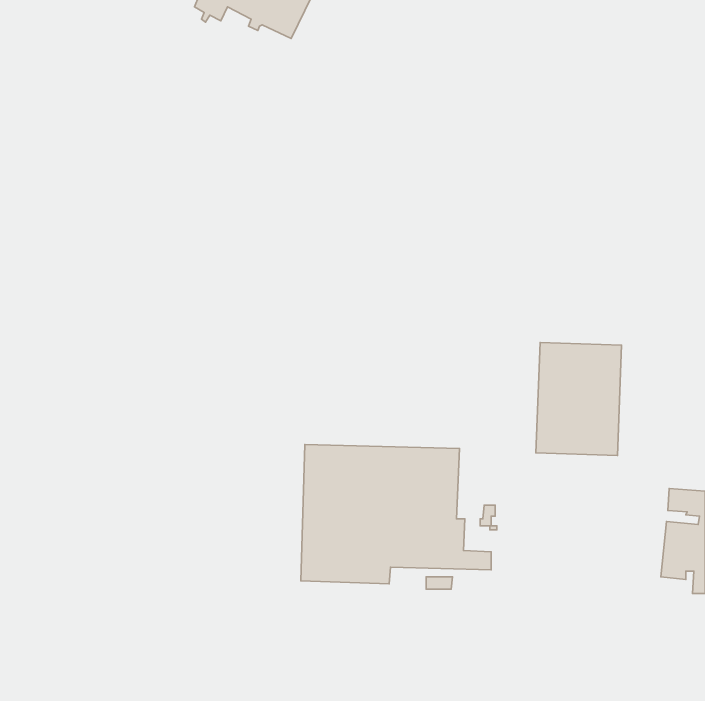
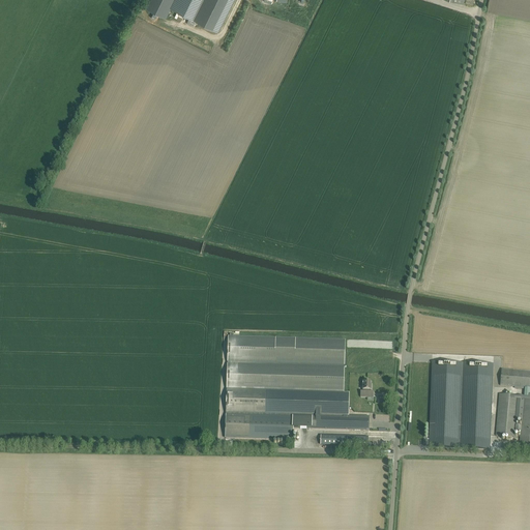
building: [536,342,621,455] -> [429,360,493,445]

